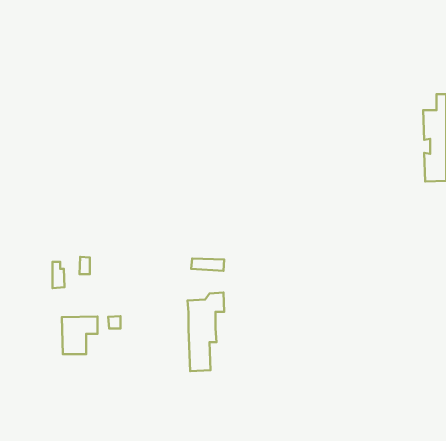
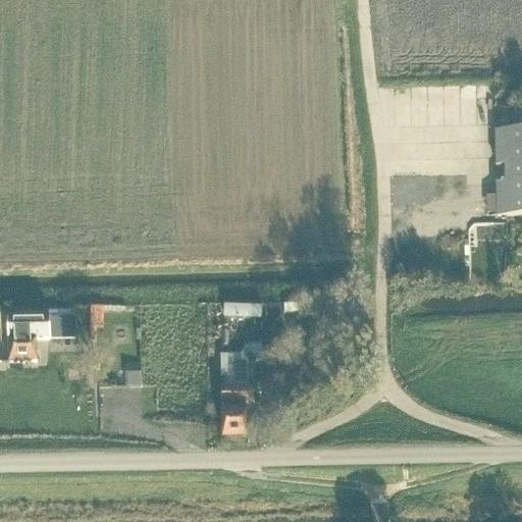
building: [62,316,98,354] -> [7,314,49,358]

